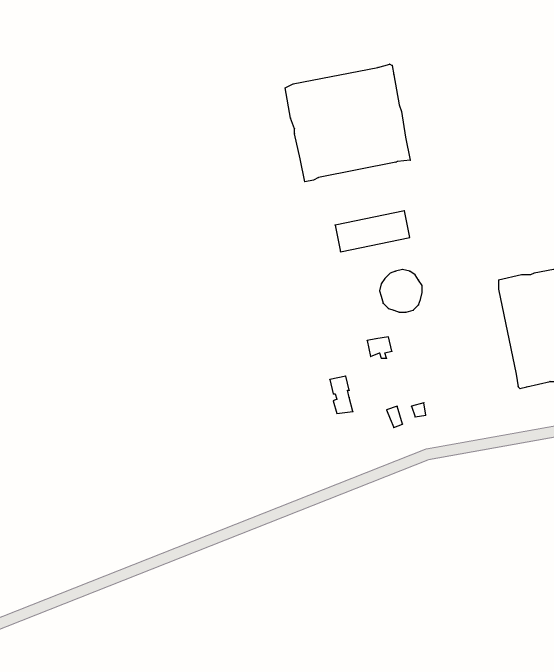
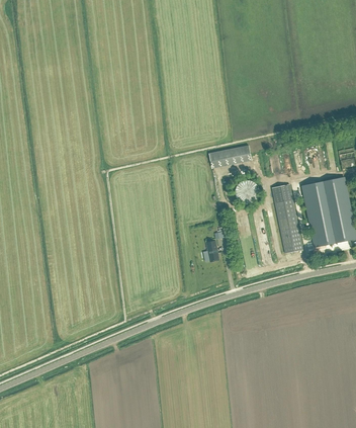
building: [285,64,410,182] -> none
building: none -> [272,183,303,251]

